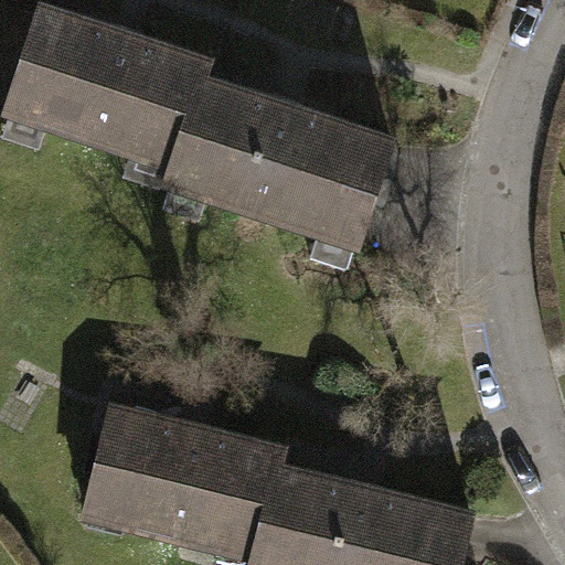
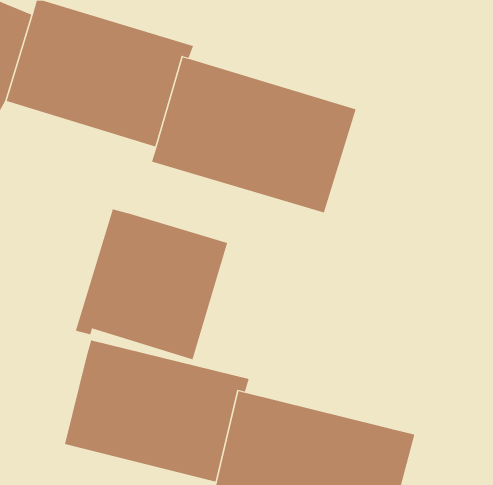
building: none -> [75,208,228,360]

